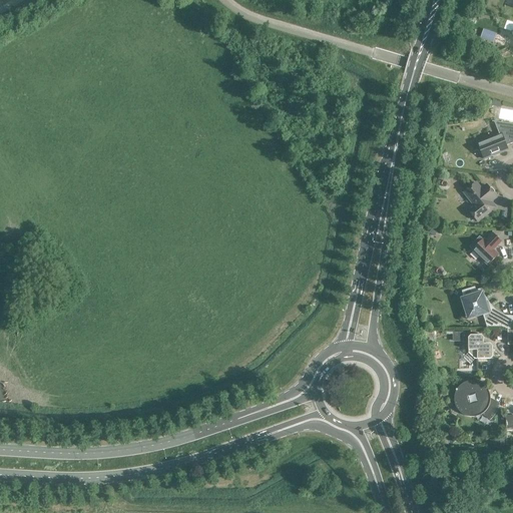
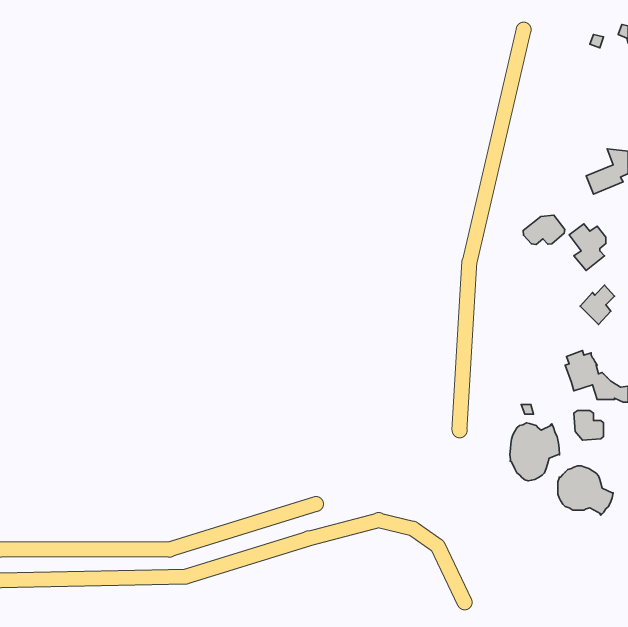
building: none -> [523,215,565,245]
building: none -> [510,423,560,481]

